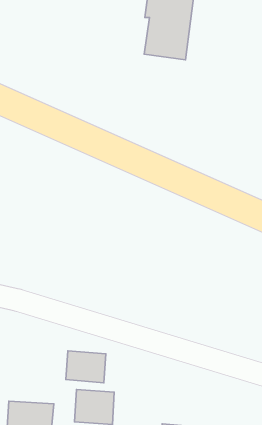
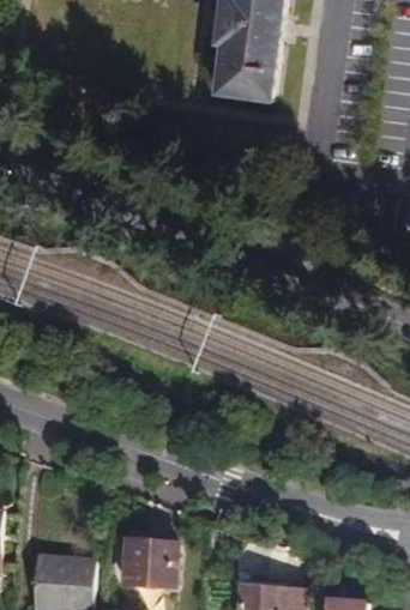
building: [66,351,106,383] -> none

